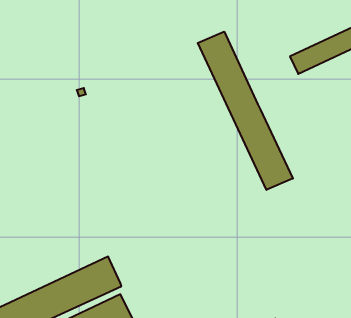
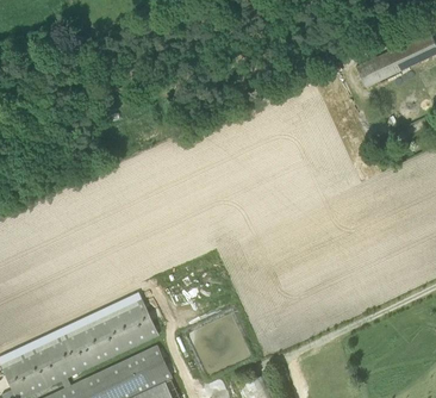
building: [198,32,293,190] -> none

